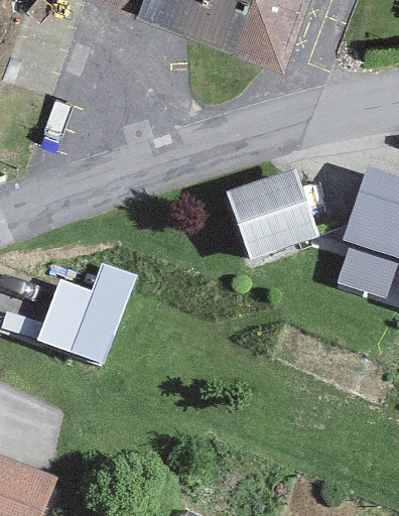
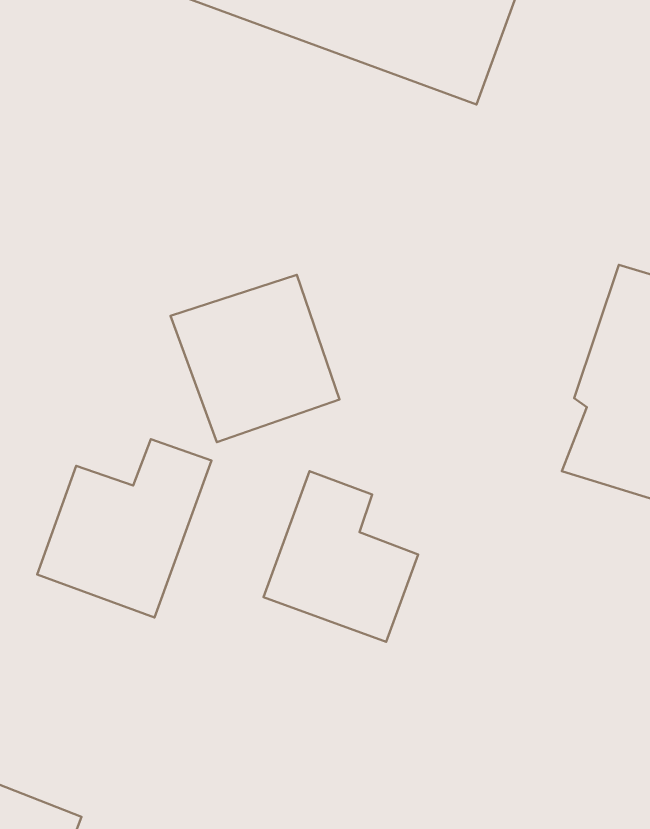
building: [224,167,319,262] -> [170,275,339,442]
building: none -> [264,471,418,642]

